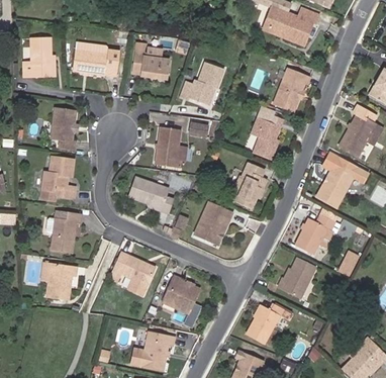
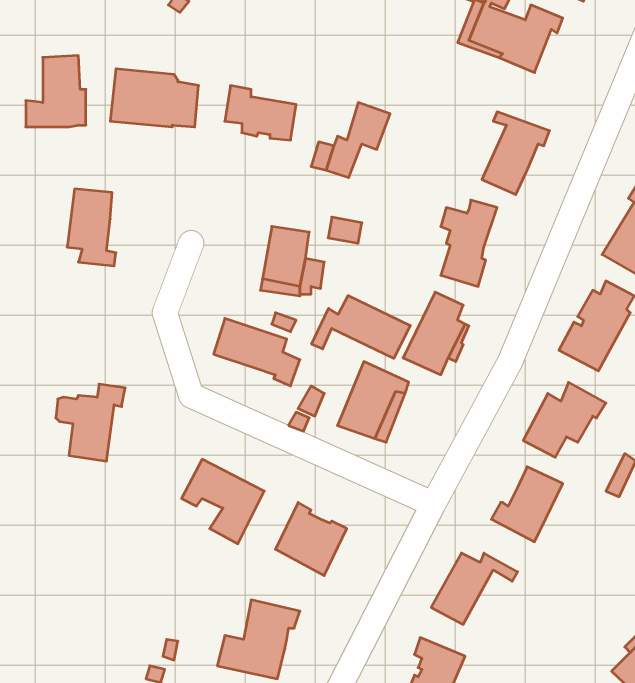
building: [40,158,75,200] -> none
building: none -> [312,296,410,358]
building: [47,264,77,300] -> none

